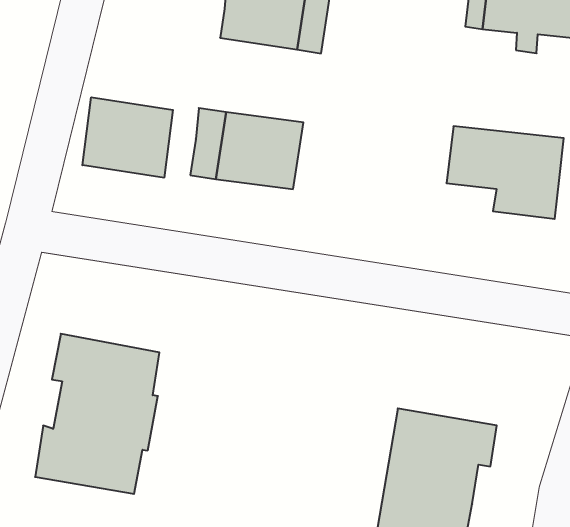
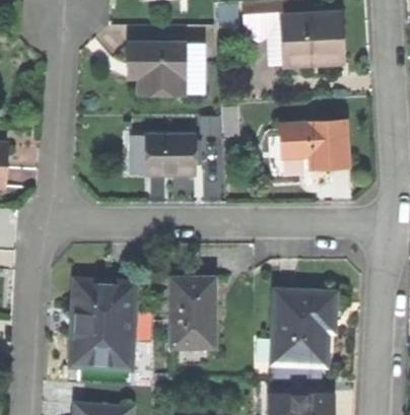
building: [82,97,173,178] -> none
building: none -> [173,279,215,348]

